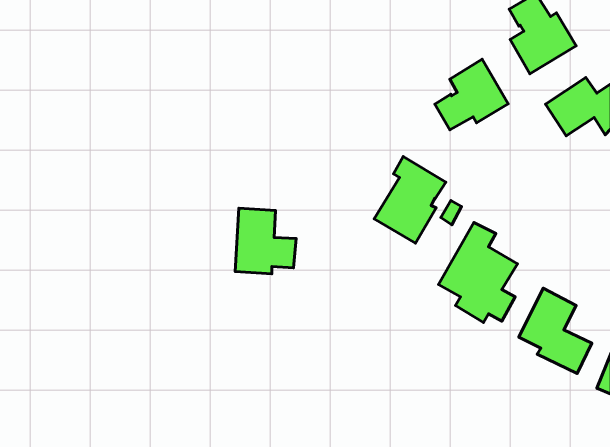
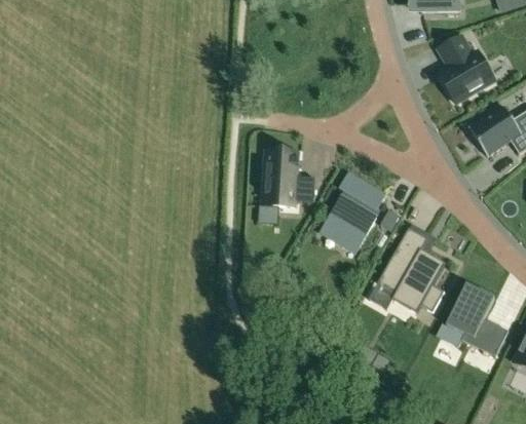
building: [435,59,508,130] -> none
building: [235,208,296,274] -> [263,151,314,206]

